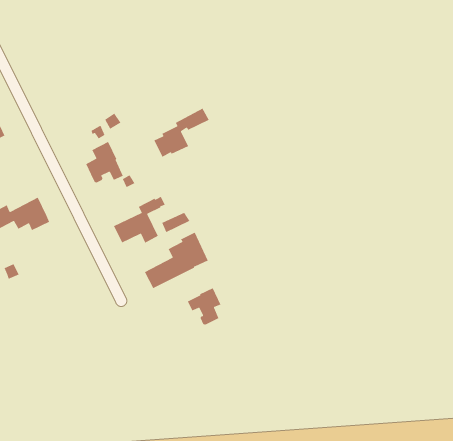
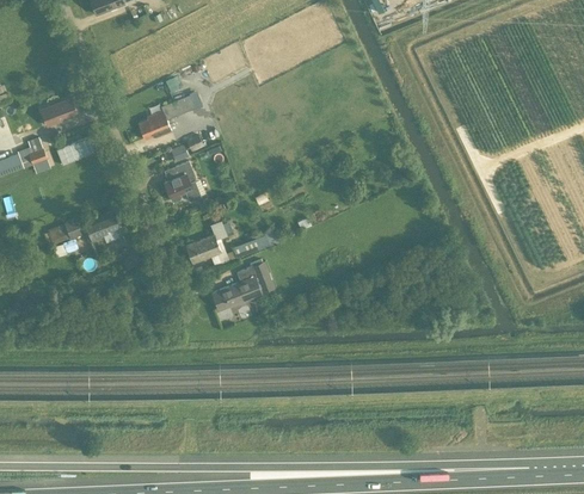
building: [153,108,210,158] -> [136,95,193,141]
building: [187,287,222,325] -> none

